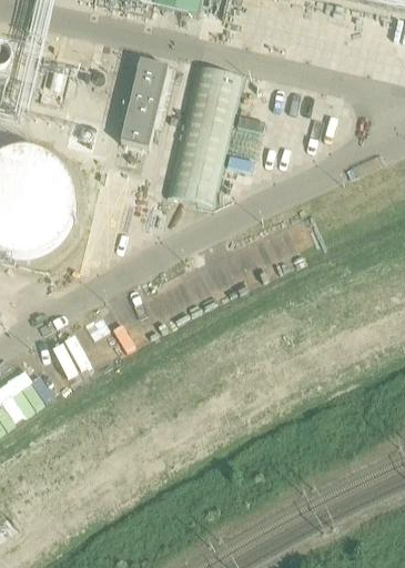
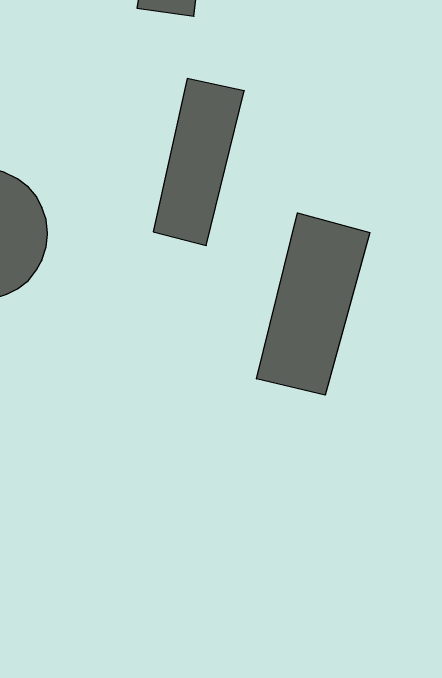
building: [118,59,168,149] -> none
building: none -> [257,213,370,395]

